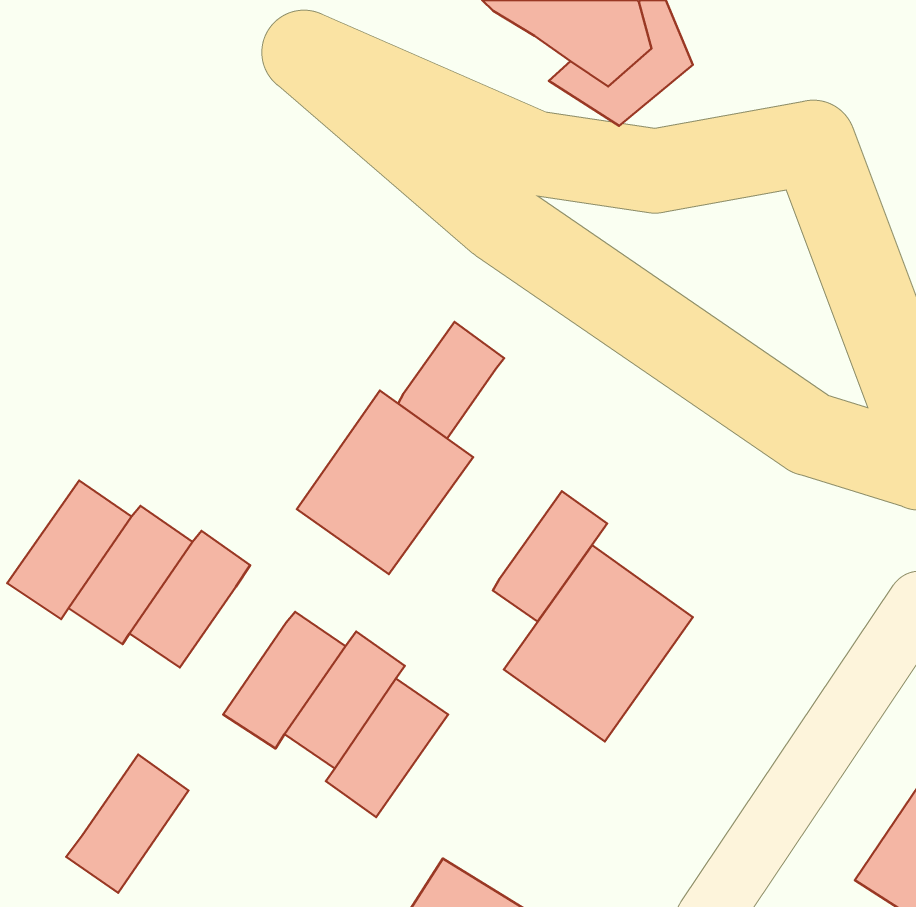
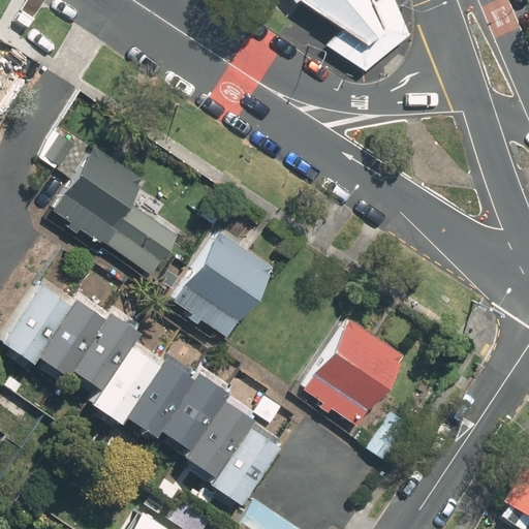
building: none -> [54,151,182,283]
building: [398,322,504,438] -> none
building: [493,491,607,622] -> none
building: none -> [213,425,284,504]
building: [66,754,188,893] -> [96,344,166,424]

